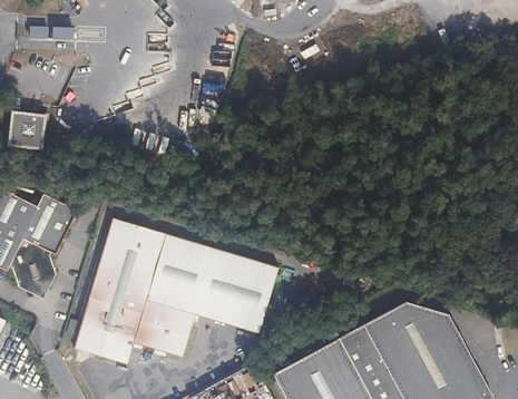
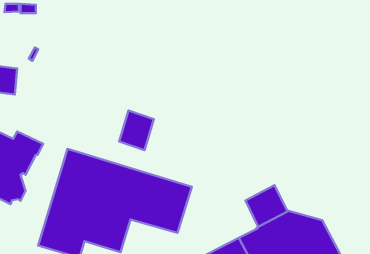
building: none -> [119,111,154,150]
building: none -> [245,185,287,227]

